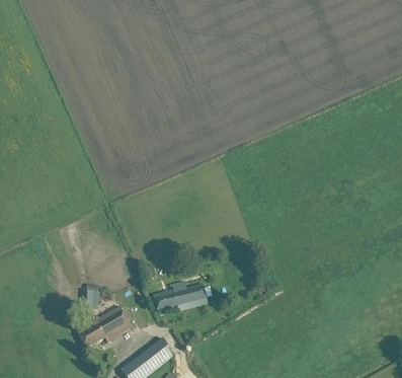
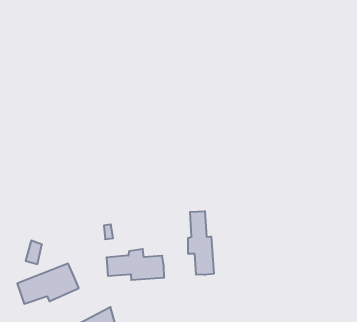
building: none -> [188,211,214,275]

